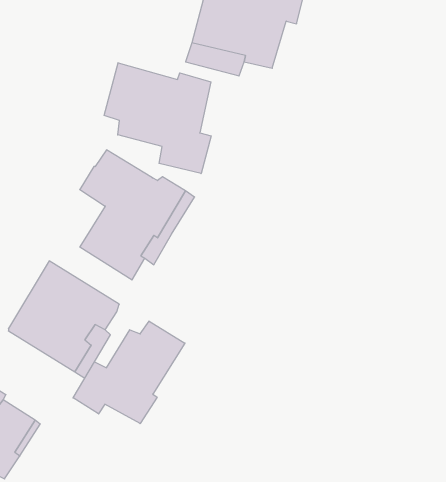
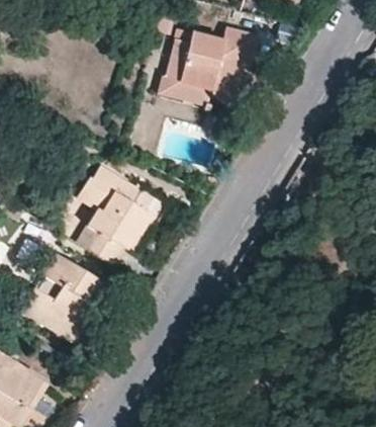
building: [104,63,211,174] -> none
building: [73,321,185,424] -> none

